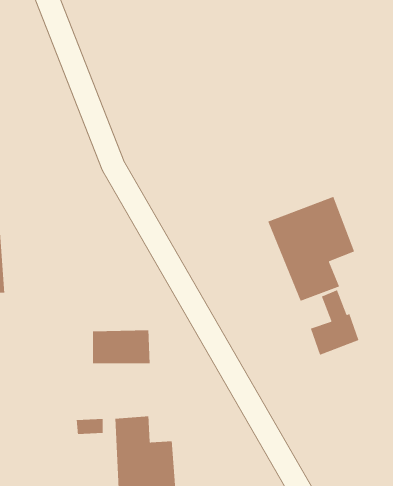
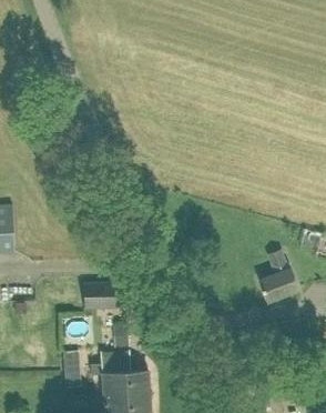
building: [267,196,355,302] -> none

